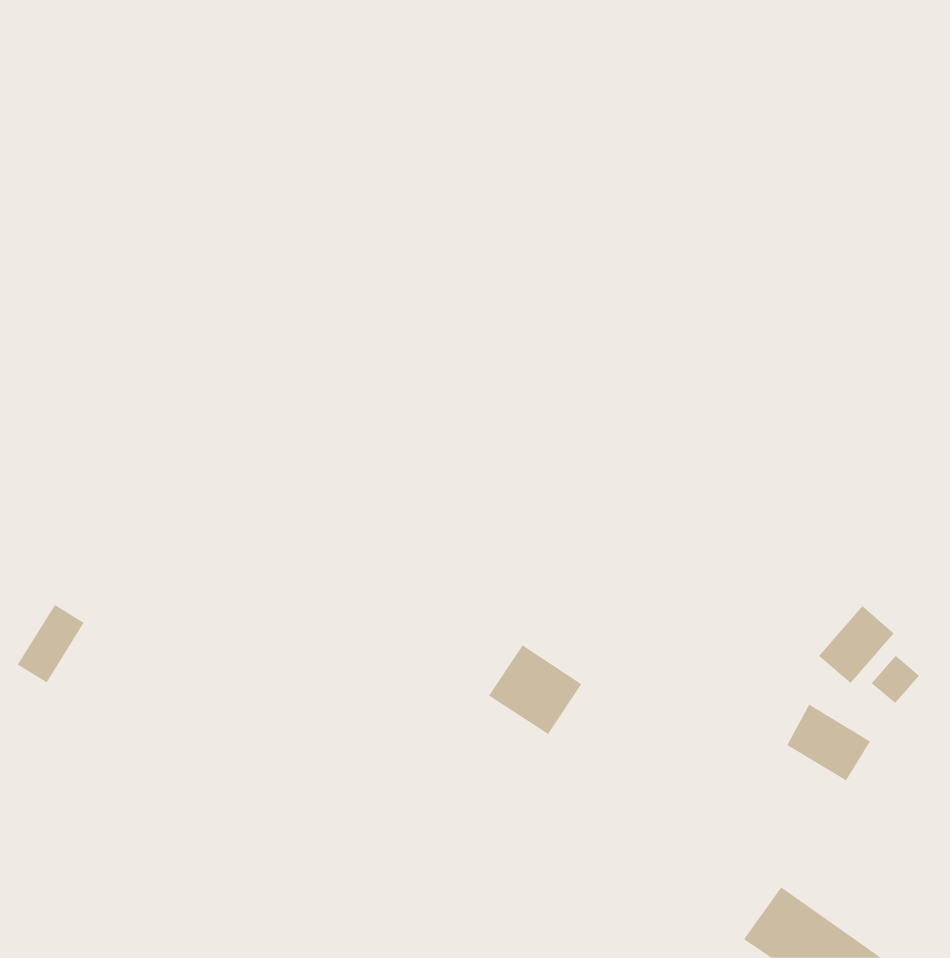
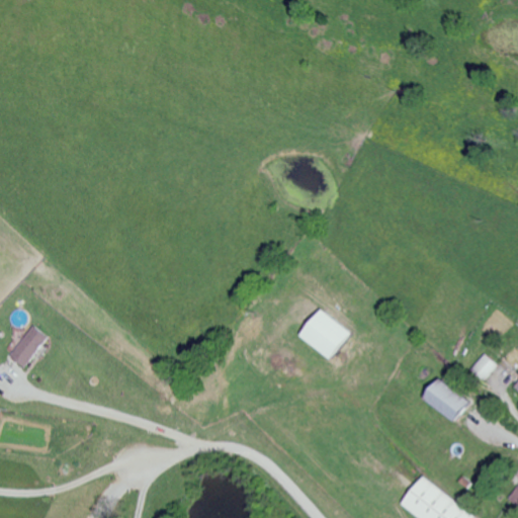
building: [818,605,895,684] -> none
building: [488,645,582,735] -> [298,310,349,358]

